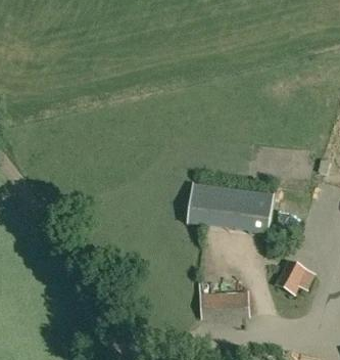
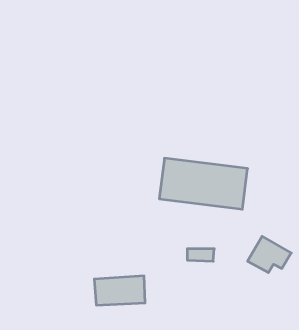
building: [198,289,248,318] -> [94,276,145,305]

